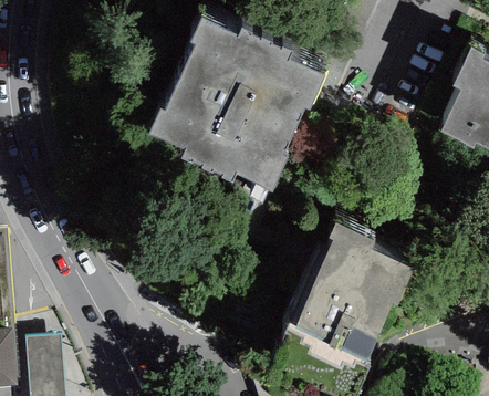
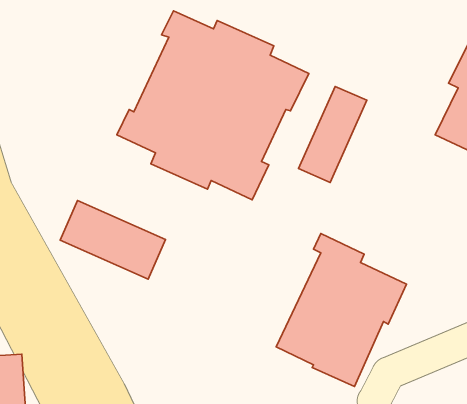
building: none -> [298,86,367,182]
building: none -> [60,201,165,279]

